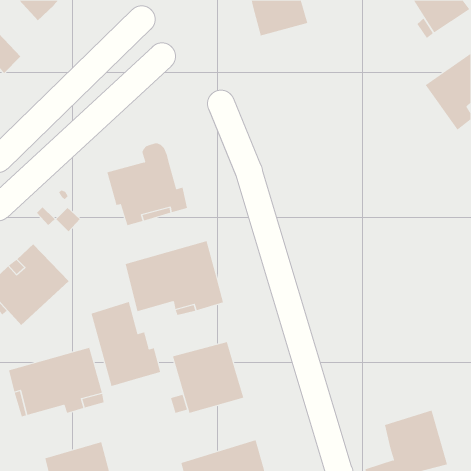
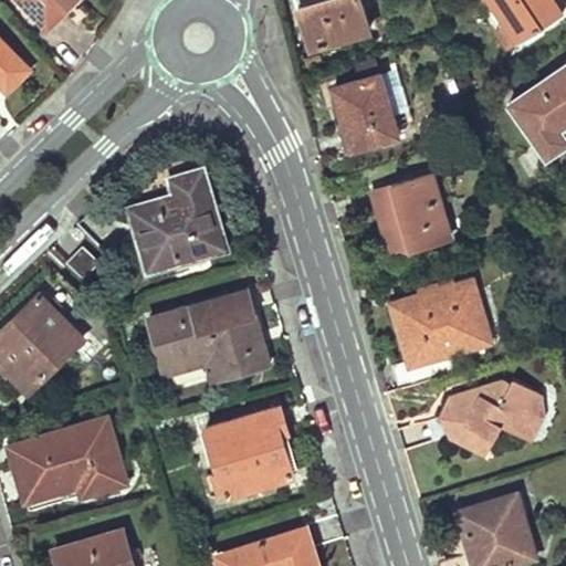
building: none -> [334,74,398,149]
building: none -> [374,175,449,250]
building: none -> [378,280,489,389]
building: [91,301,161,387] -> none
building: none -> [447,379,542,454]

